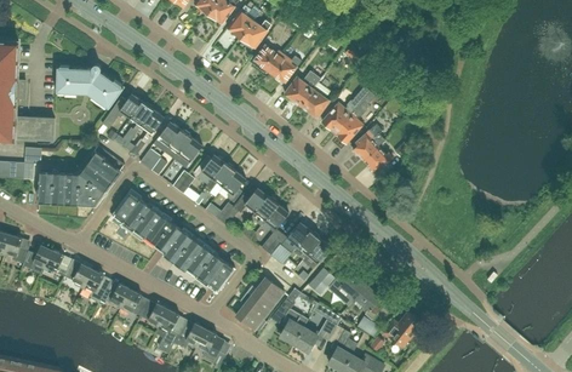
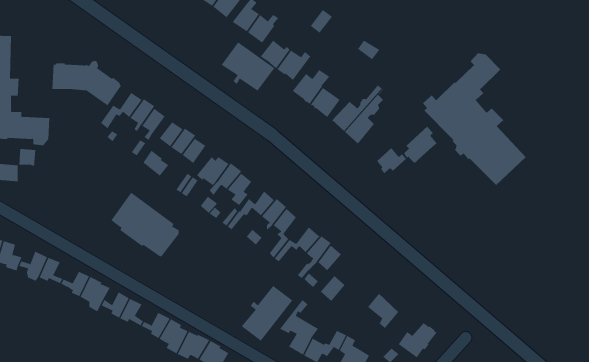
building: none -> [221,42,275,92]
building: none -> [422,52,527,186]
building: [353,124,385,160] -> [403,125,438,164]
building: [38,145,125,208] -> none
building: [162,228,235,294] -> none
building: [328,268,366,305] -> none

